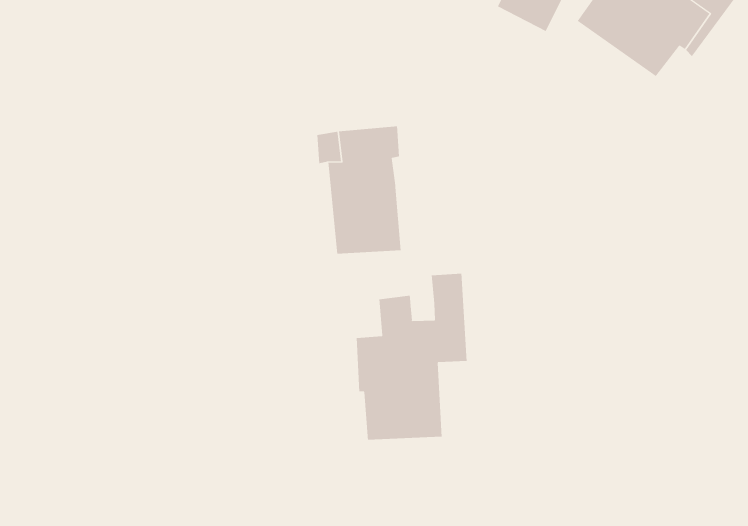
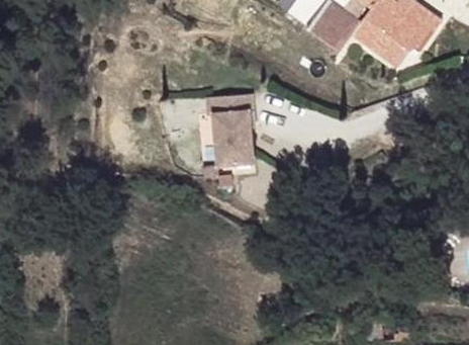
building: [356,273,467,440] -> none

